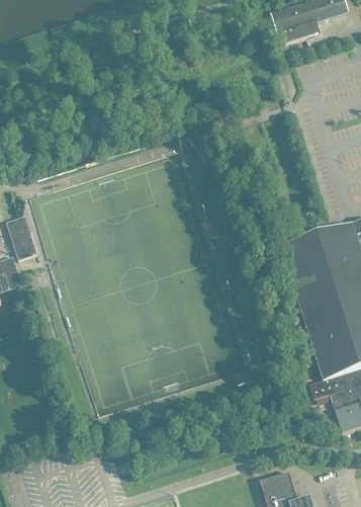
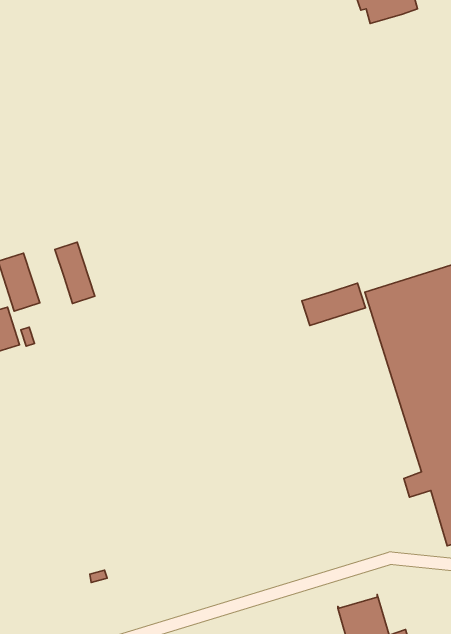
building: none -> [55,242,95,304]
building: none -> [302,283,366,325]

